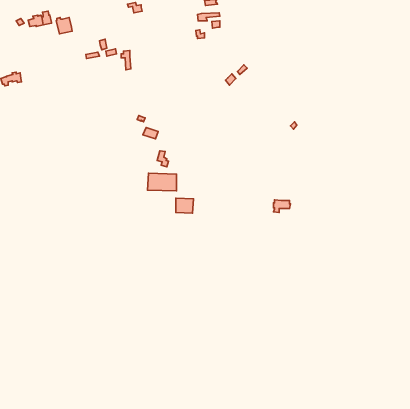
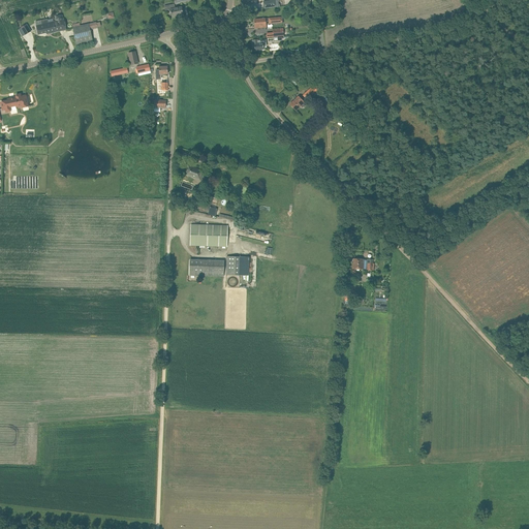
building: none -> [189,259,224,276]

